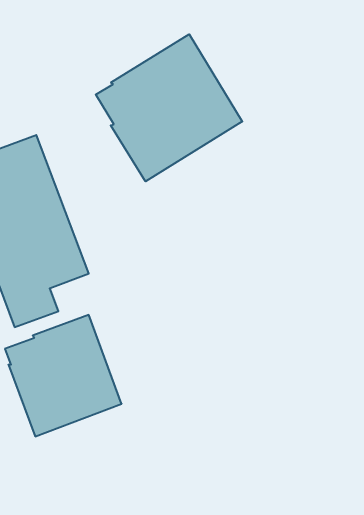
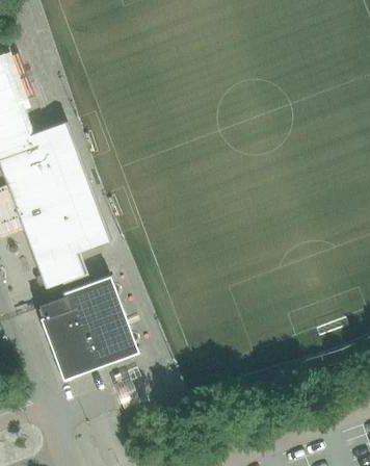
building: [96,34,242,181] -> none

